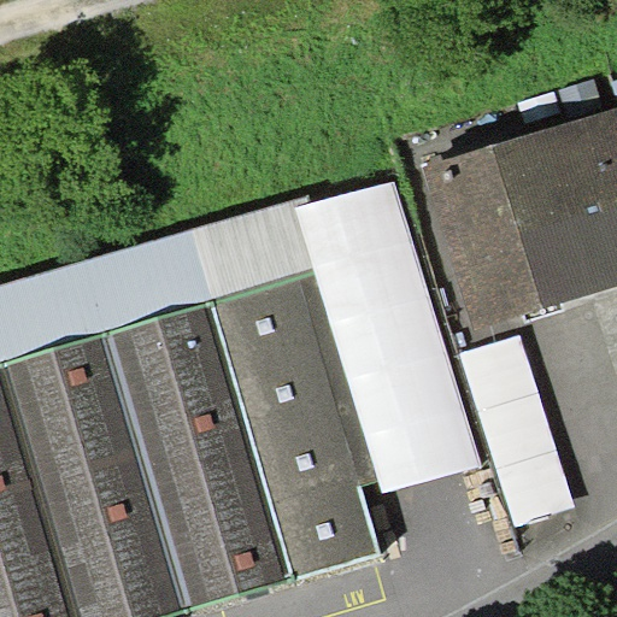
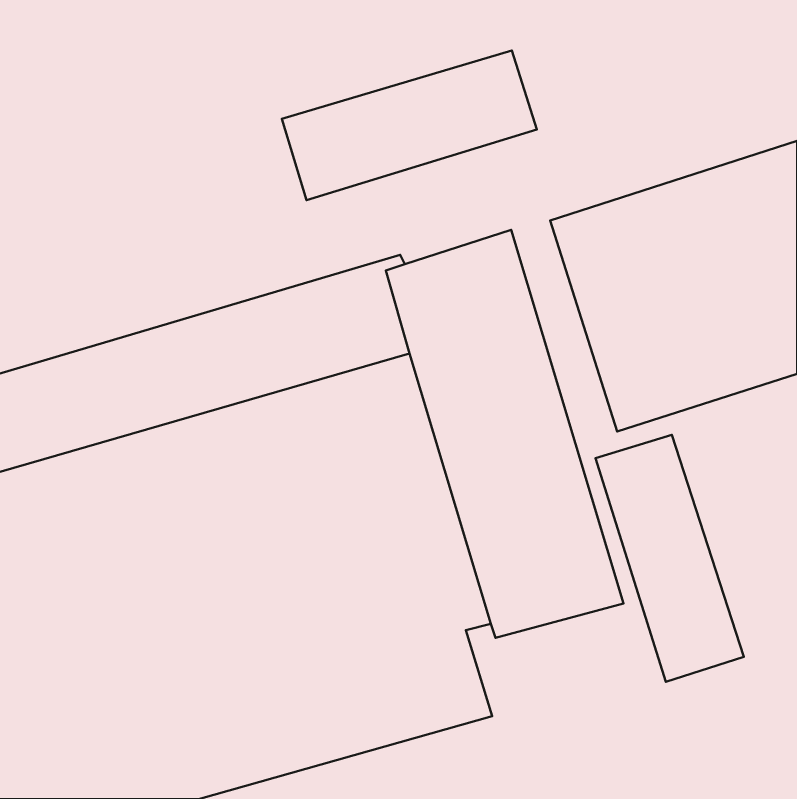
building: none -> [282,50,537,200]

